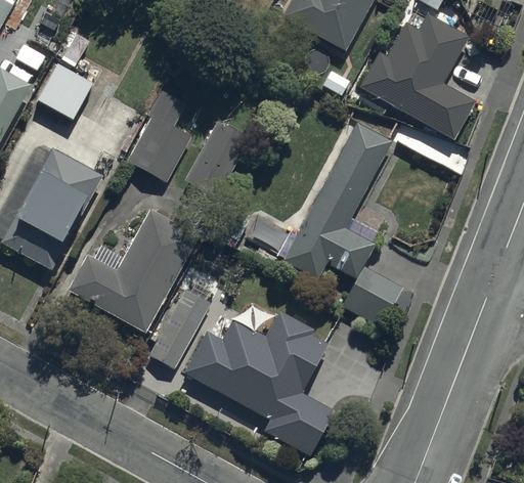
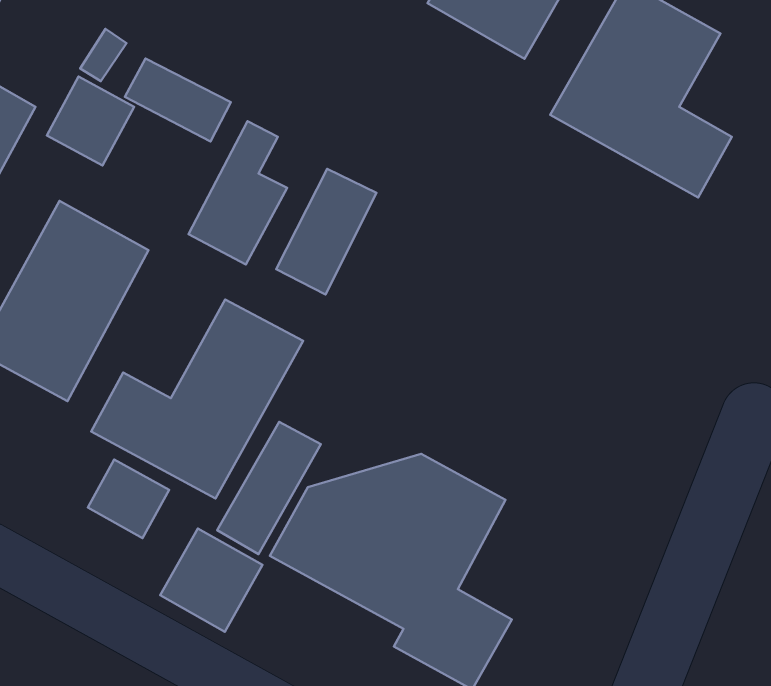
building: none -> [125,59,231,142]
building: [279,121,404,330] -> none
building: none -> [88,459,169,538]
building: none -> [160,528,263,632]

